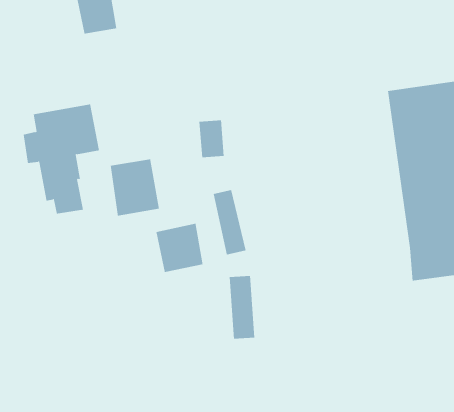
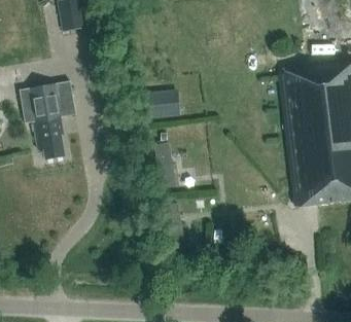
building: [110,158,160,216] -> none
building: [156,223,203,273] -> none

